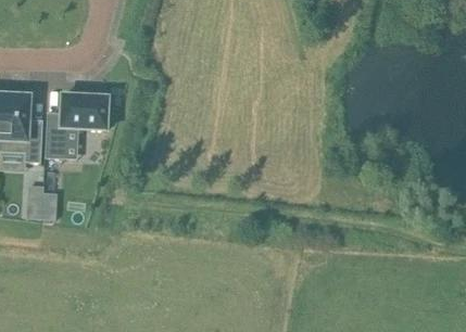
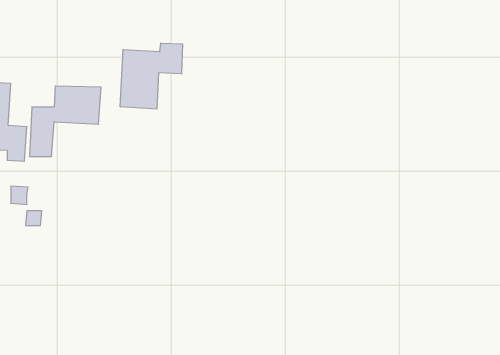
building: none -> [120,43,182,109]

